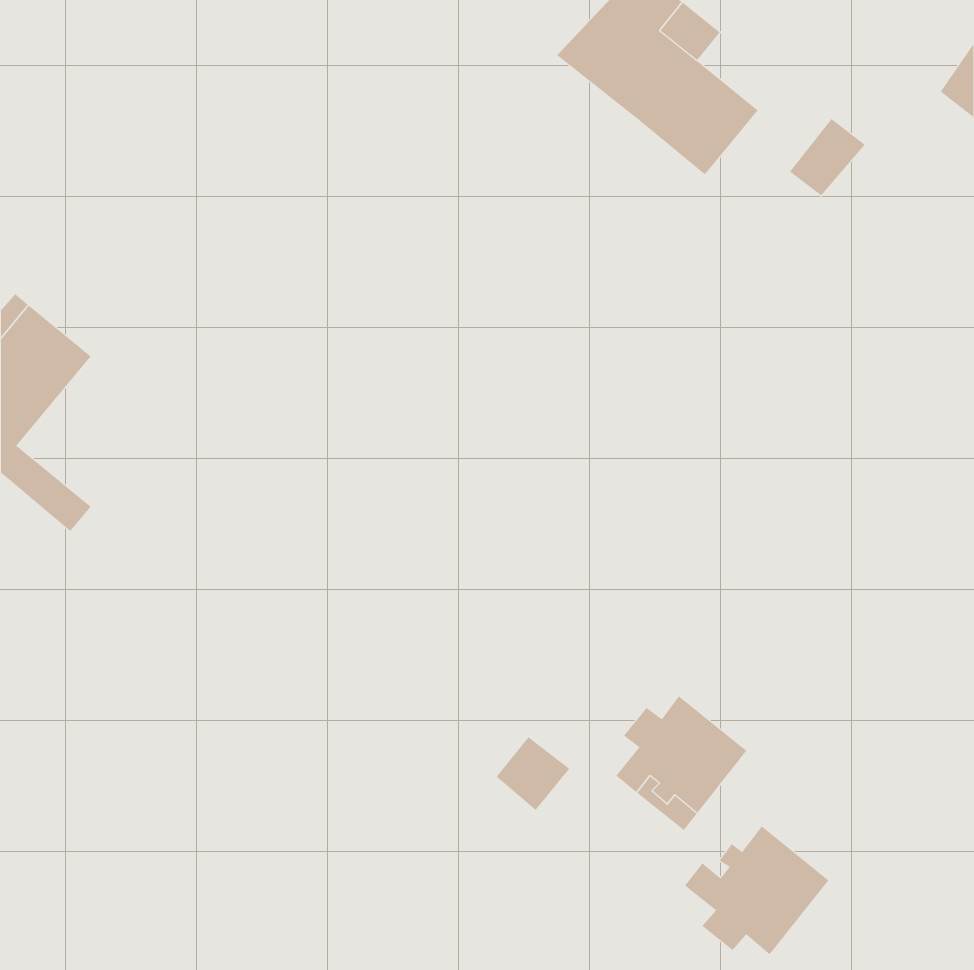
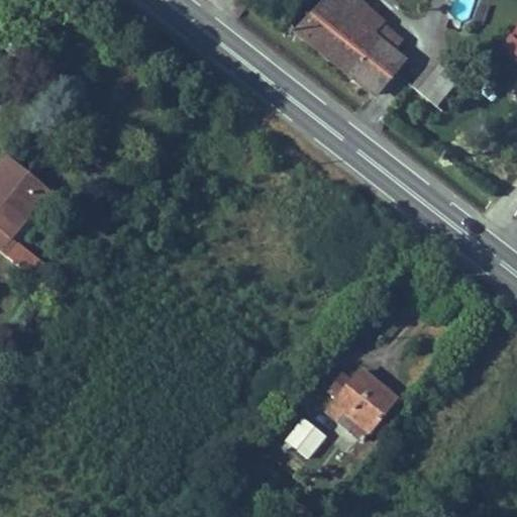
building: [496,736,570,811] -> [286,418,325,457]
building: [684,826,829,955] -> none

